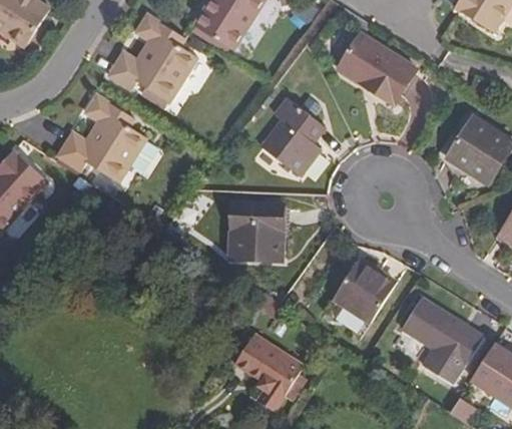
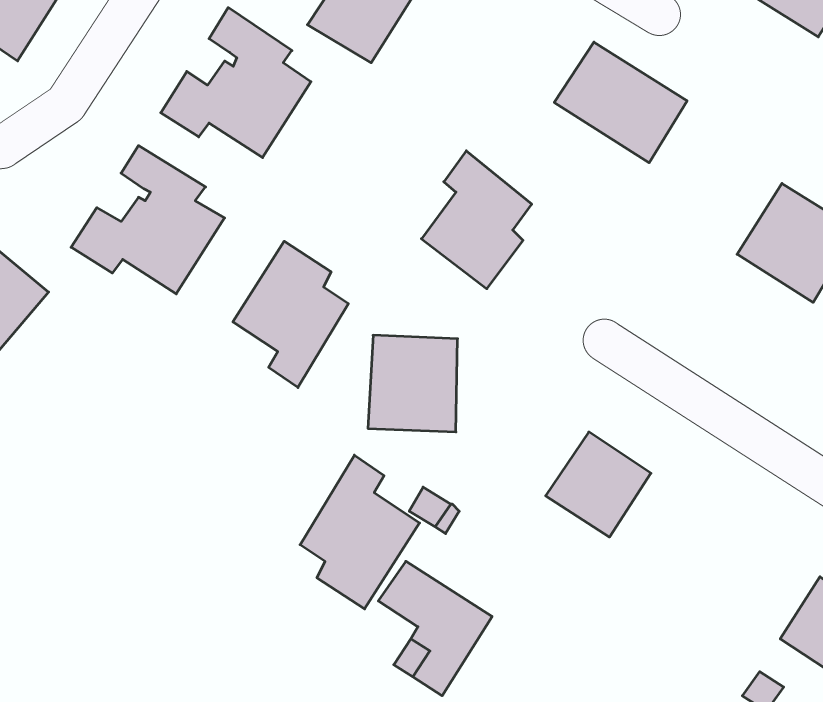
building: none -> [233,241,348,388]
building: none -> [300,455,420,609]
building: [402,299,483,384] -> none

